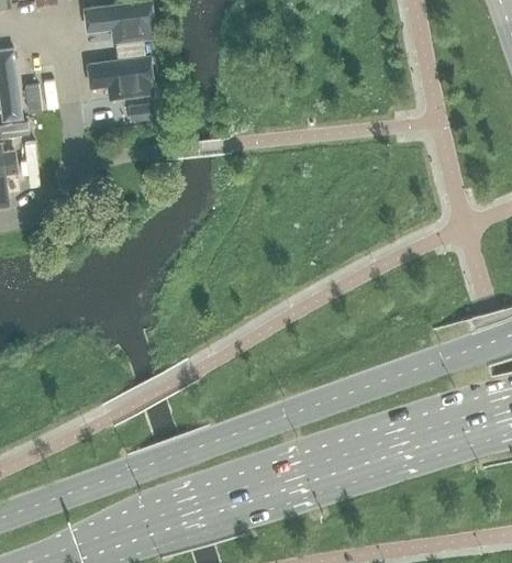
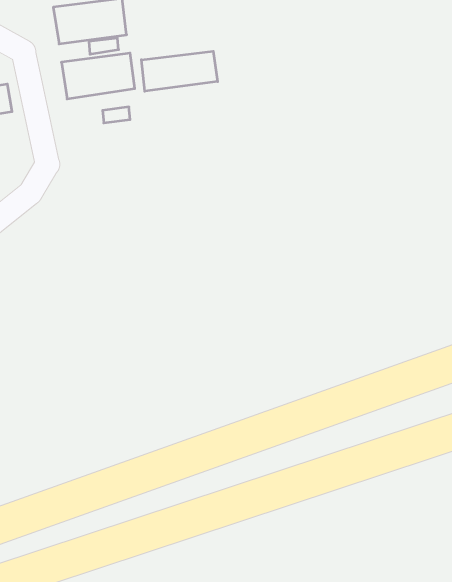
building: none -> [141,51,218,91]

